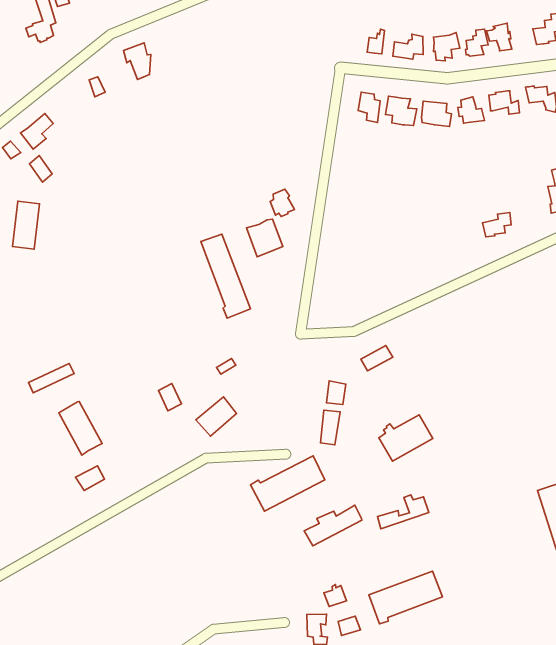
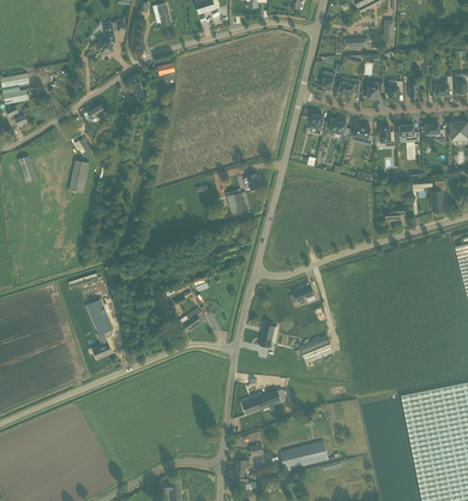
building: [201,234,250,318] -> none
building: [250,456,325,511] -> none

